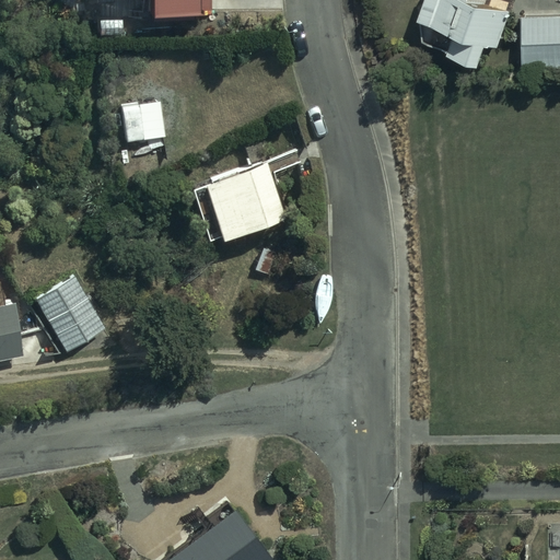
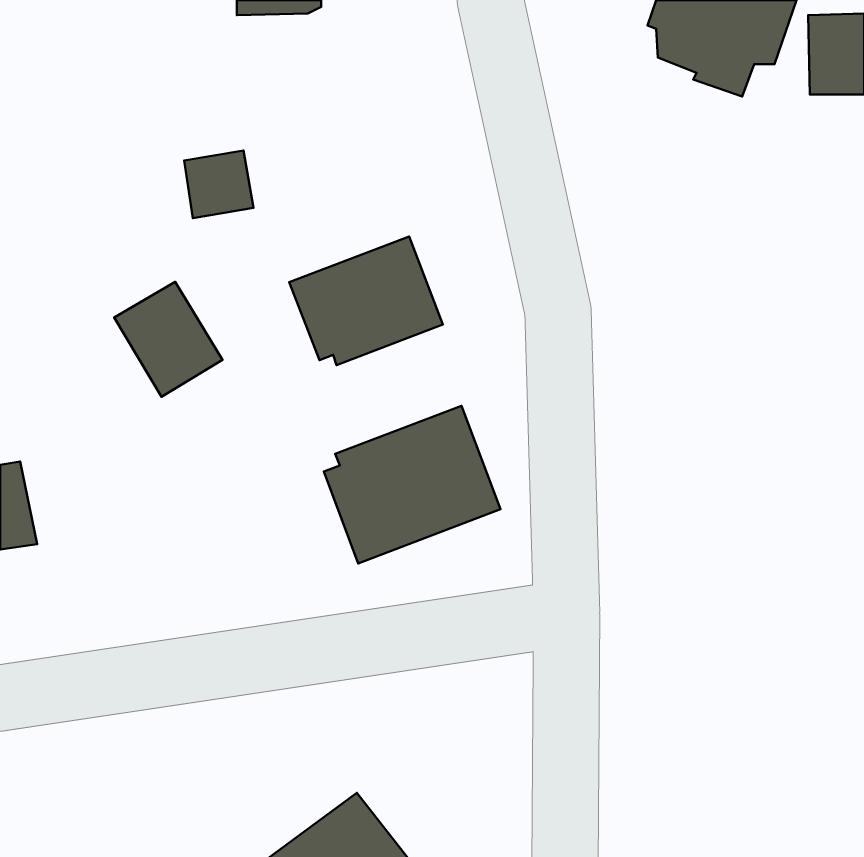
building: none -> [324,406,500,564]
building: [35,276,105,350] -> [114,282,223,397]

